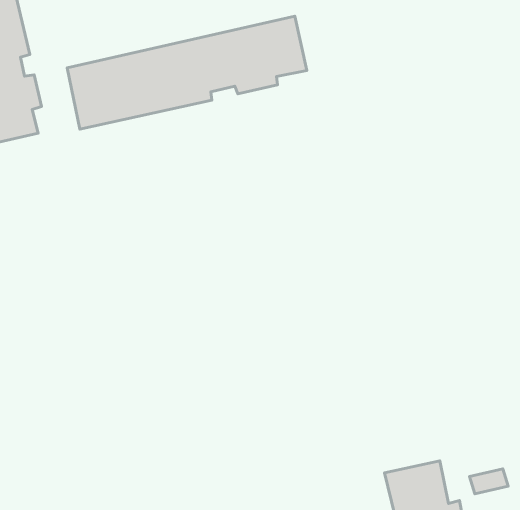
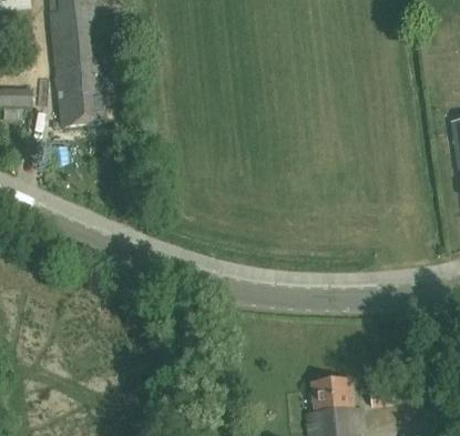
building: [67,16,307,129] -> none

